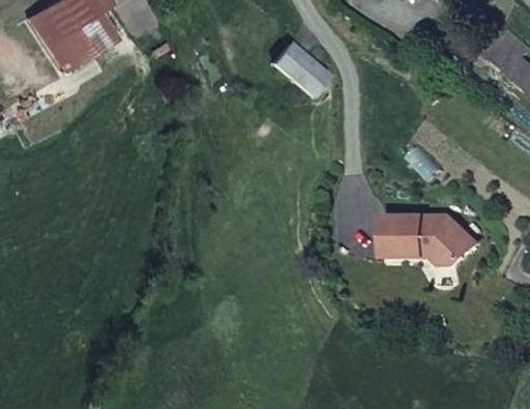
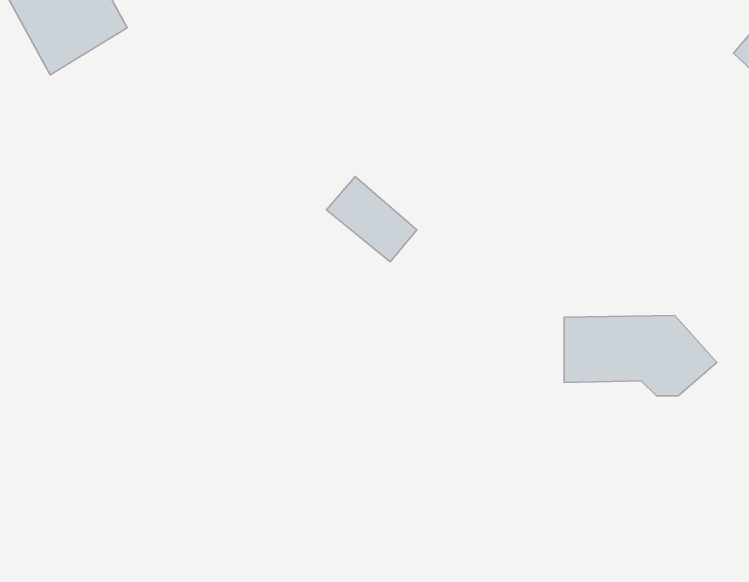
building: [271,40,327,93] -> [327,176,417,262]

